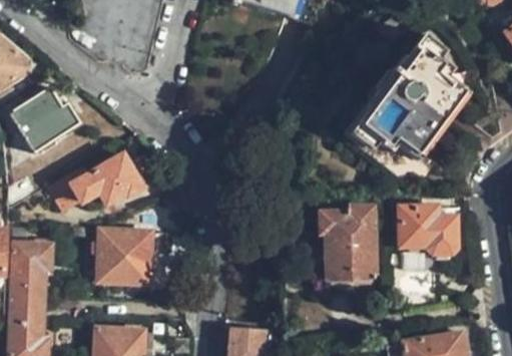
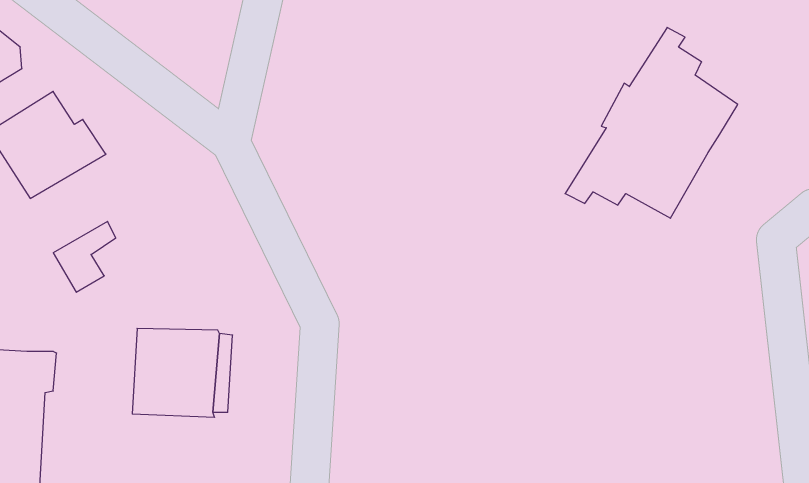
building: [72,153,142,204] -> none
building: [320,208,376,280] -> none
building: [399,208,457,256] -> none

